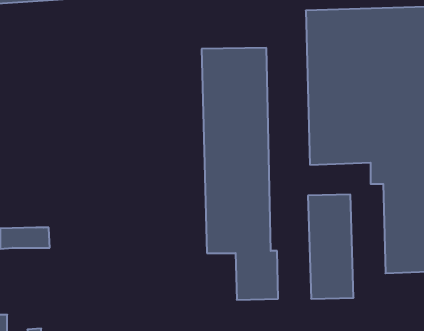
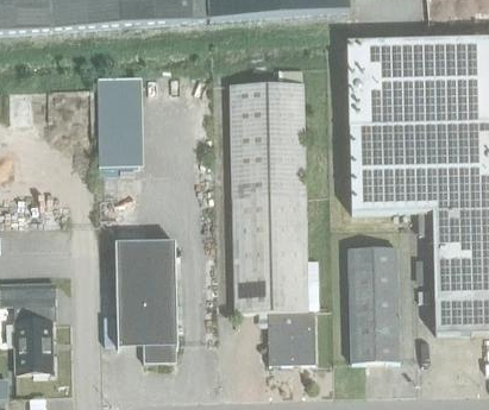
building: none -> [108,75,149,159]
building: none -> [113,240,176,361]
building: none -> [17,305,58,373]

